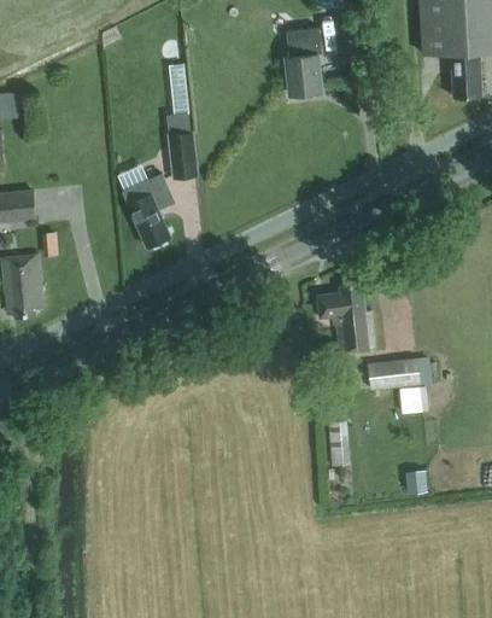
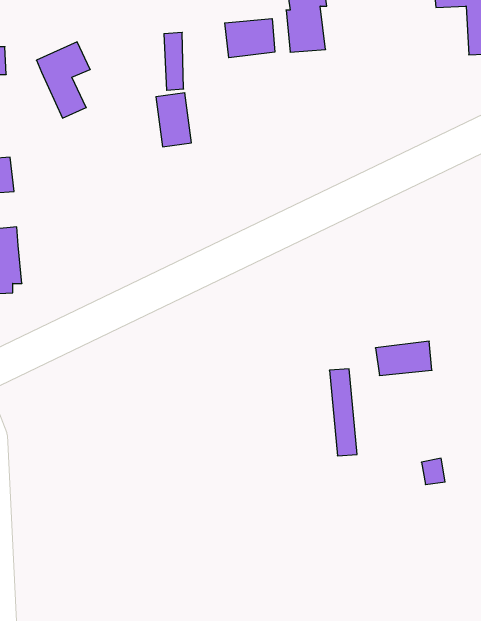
building: none -> [225,19,275,58]
building: [123,175,172,245] -> [36,42,90,118]
building: [316,282,374,352] -> none

